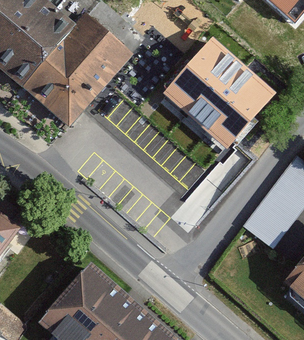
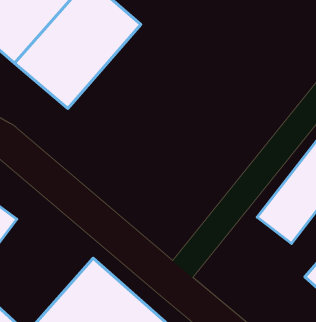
building: [161,38,271,146] -> none

